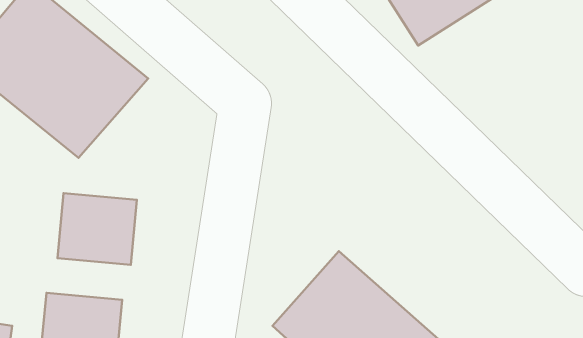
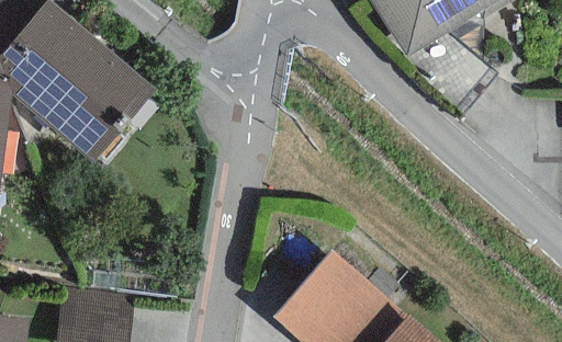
building: [57,193,137,265] -> none

